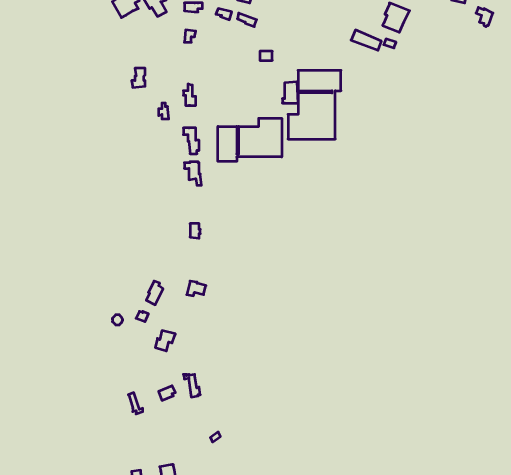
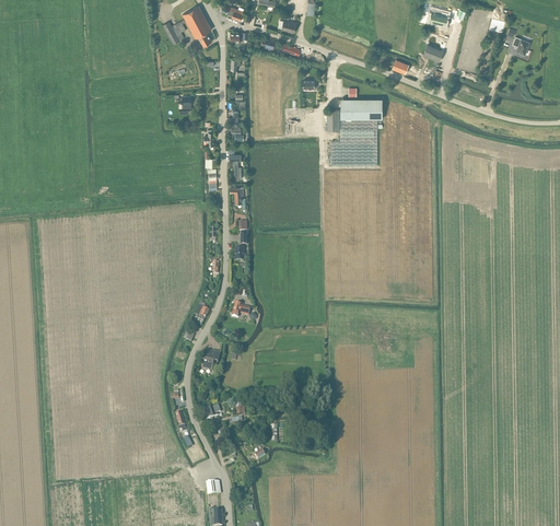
building: [218,118,282,161] -> none

